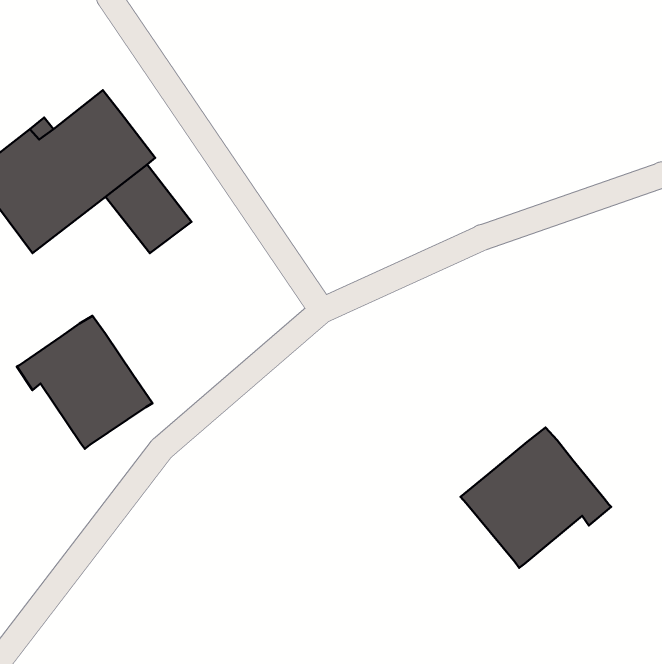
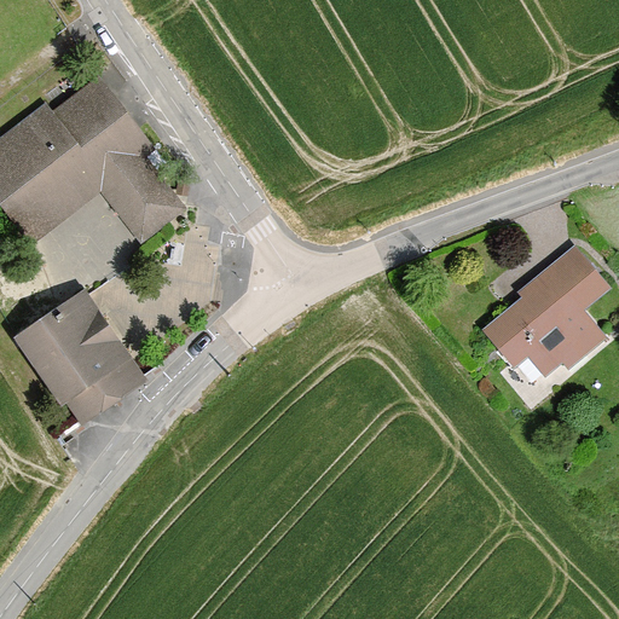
building: none -> [486,249,602,380]
building: [460,428,611,568] -> none

